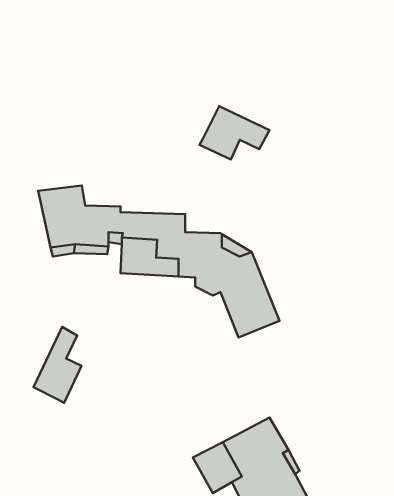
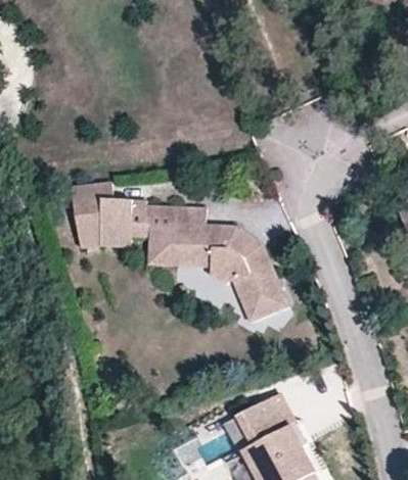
building: [200,106,269,159] -> none
building: [33,327,82,403] -> none

